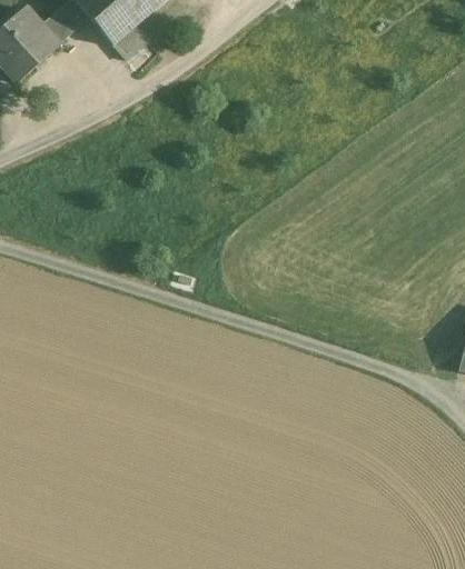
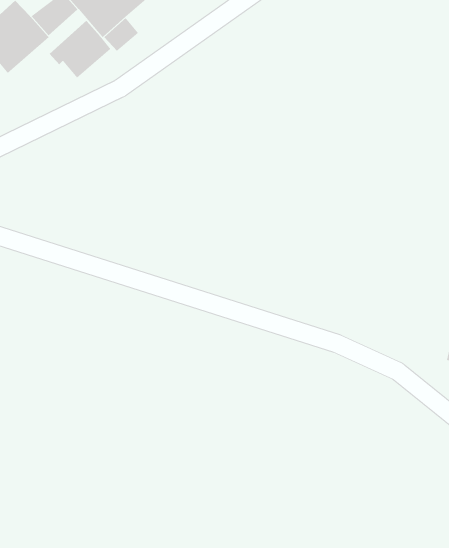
building: none -> [49,20,111,79]

